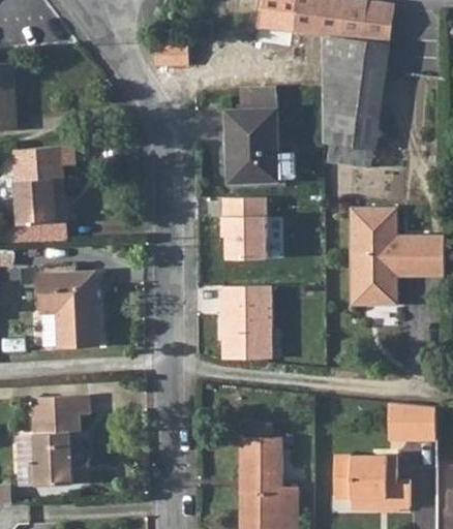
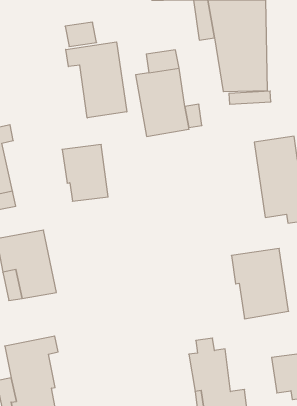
building: none -> [66,42,127,118]
building: [221,197,267,259] -> [62,145,108,201]
building: [216,285,272,360] -> [231,248,289,319]

